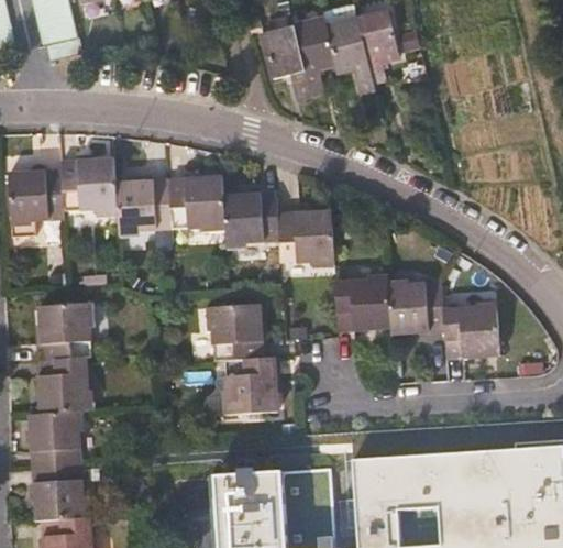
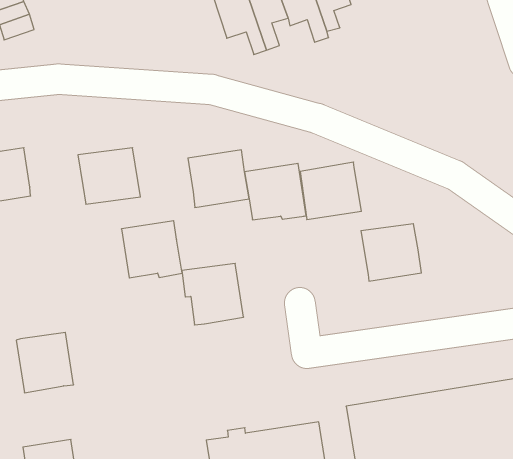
building: [59,158,115,215] -> none
building: [168,177,224,232] -> [121,221,182,278]
building: [333,278,390,331] -> [300,162,361,220]
building: [37,303,93,360] -> none
building: [442,305,498,359] -> none
building: [220,359,277,416] -> none
building: [27,410,80,468] -> none

